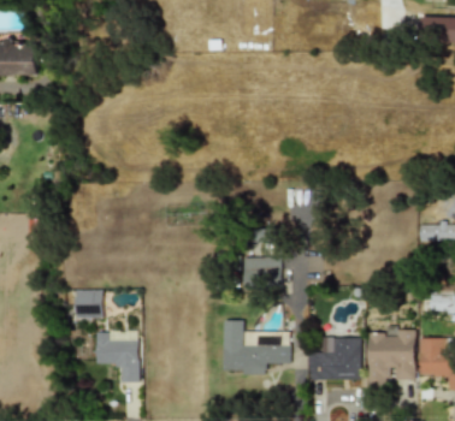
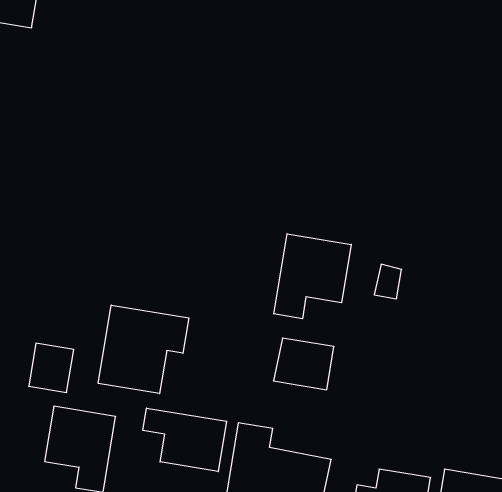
building: none -> [274,234,351,319]
building: none -> [98,305,189,394]
building: none -> [143,408,227,472]

